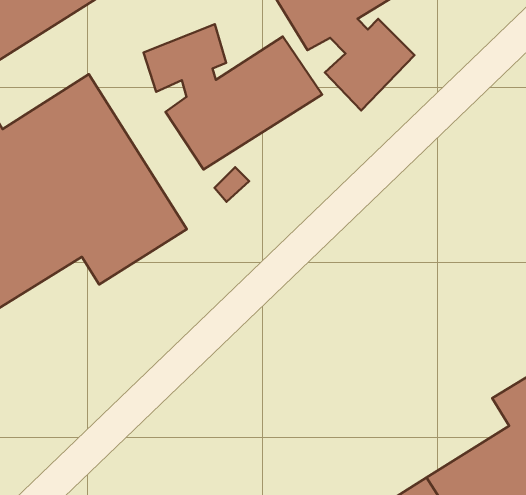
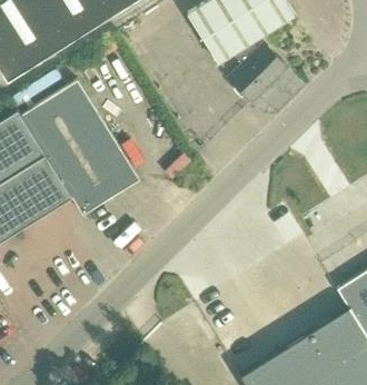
building: [144,24,322,170] -> none

